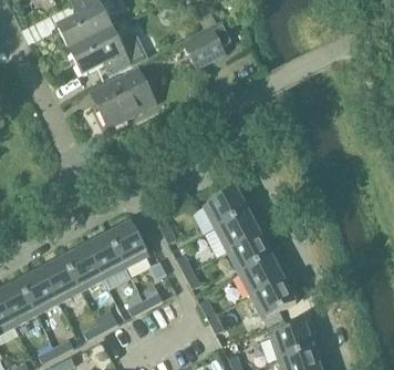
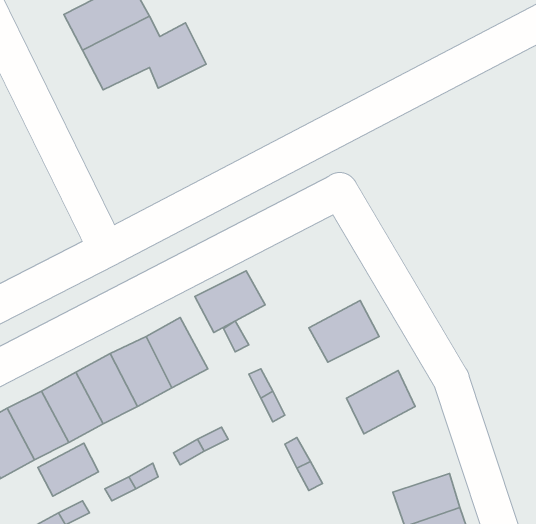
building: [185,23,230,66] -> none
building: [94,69,148,125] -> none
building: [203,187,248,227] -> [195,271,265,332]
building: [227,233,272,273] -> none
building: [250,278,296,318] -> none
building: none -> [38,443,99,496]

